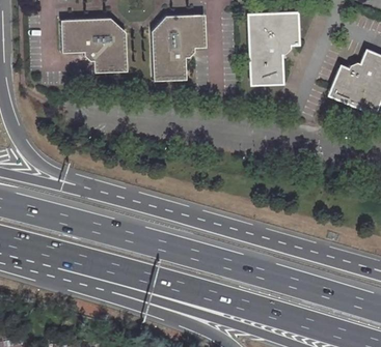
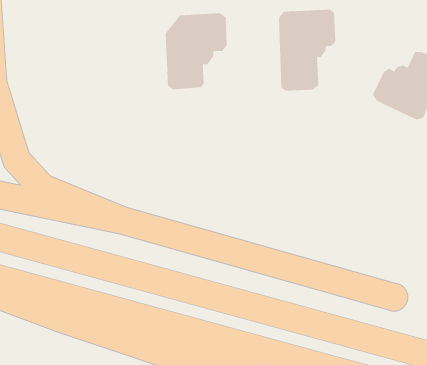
building: [61,18,128,73] -> none

